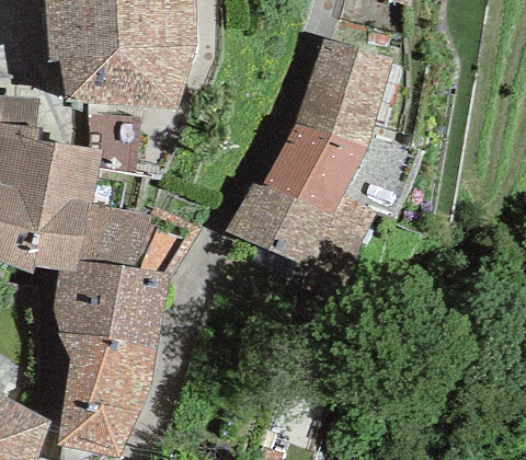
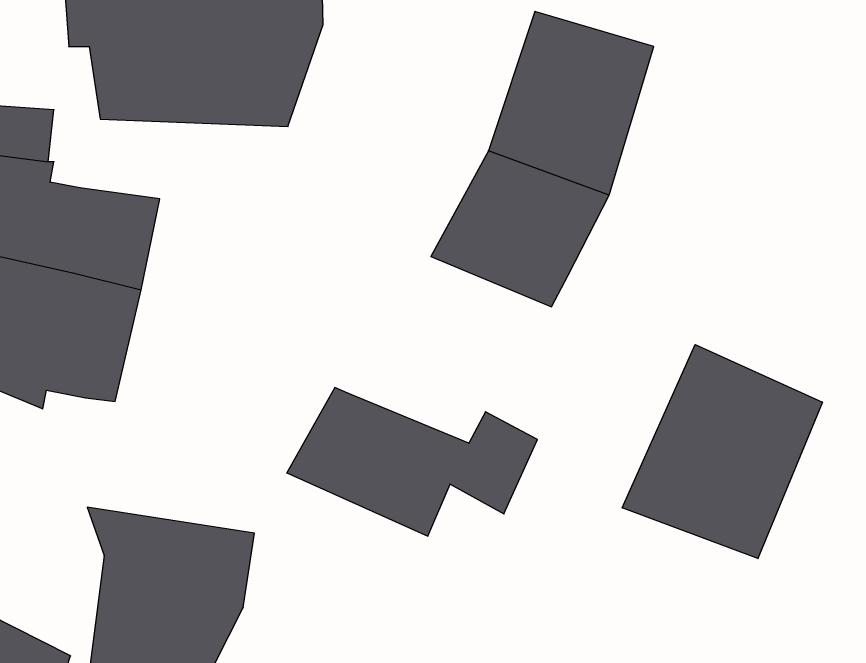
building: [225,182,373,269] -> [287,388,537,536]
building: [52,205,169,348] -> none
building: none -> [622,345,822,559]

